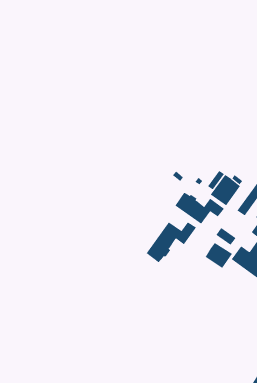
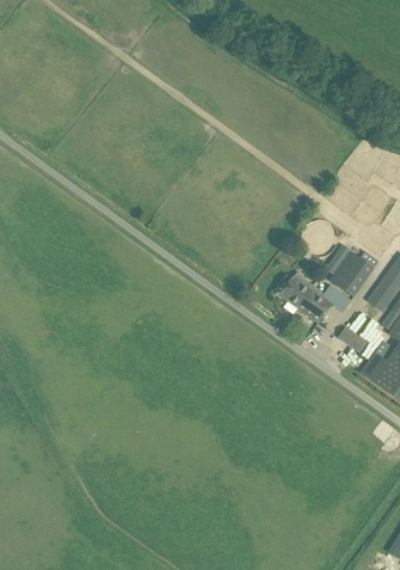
building: [146,221,197,263] -> none
building: [205,242,233,269] -> none

